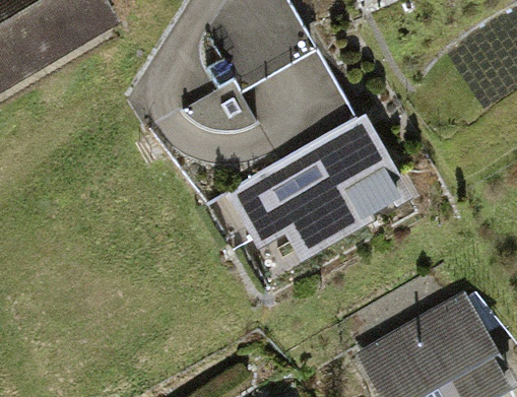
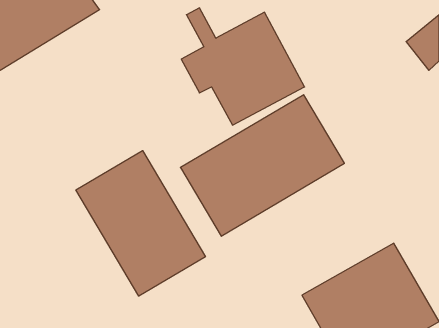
building: none -> [76,151,205,296]

